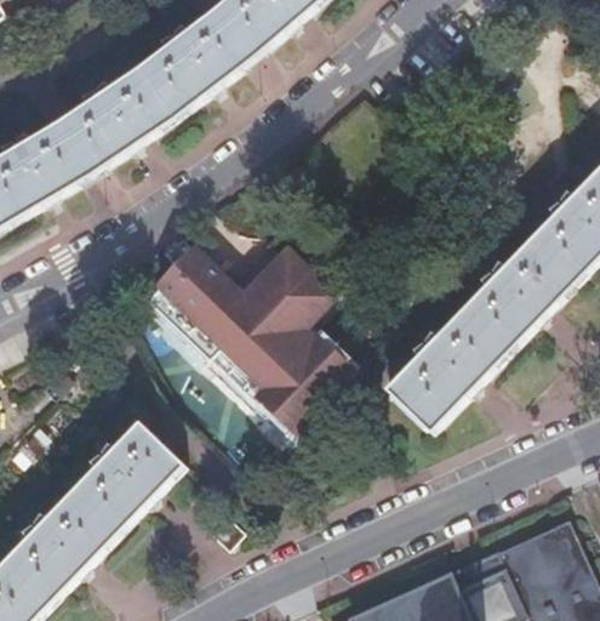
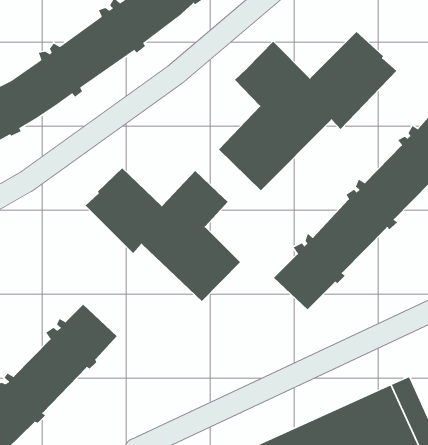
building: none -> [218,31,397,191]

